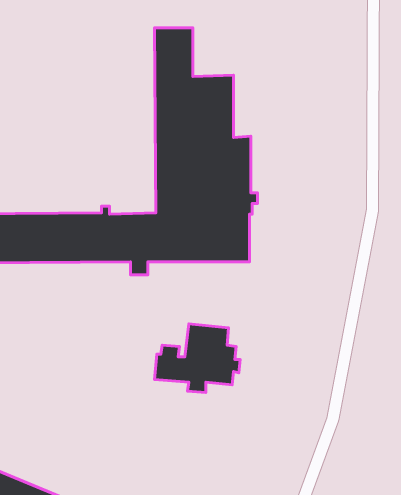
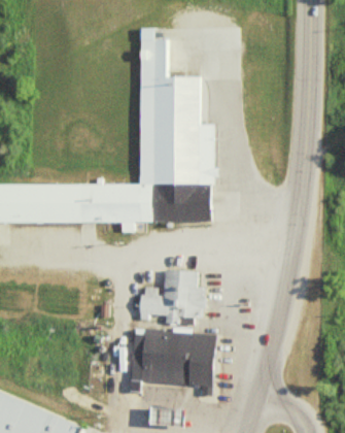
building: none -> [130,328,215,397]

